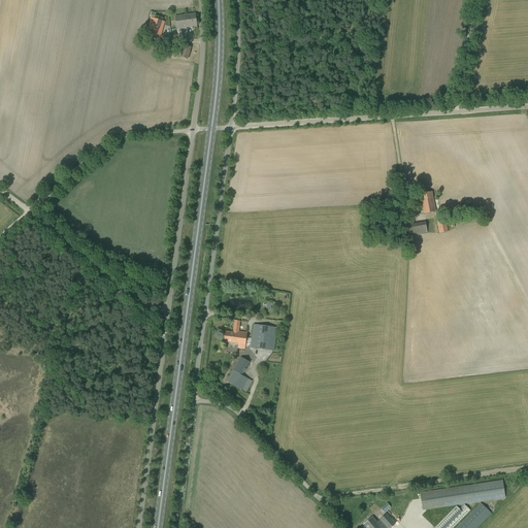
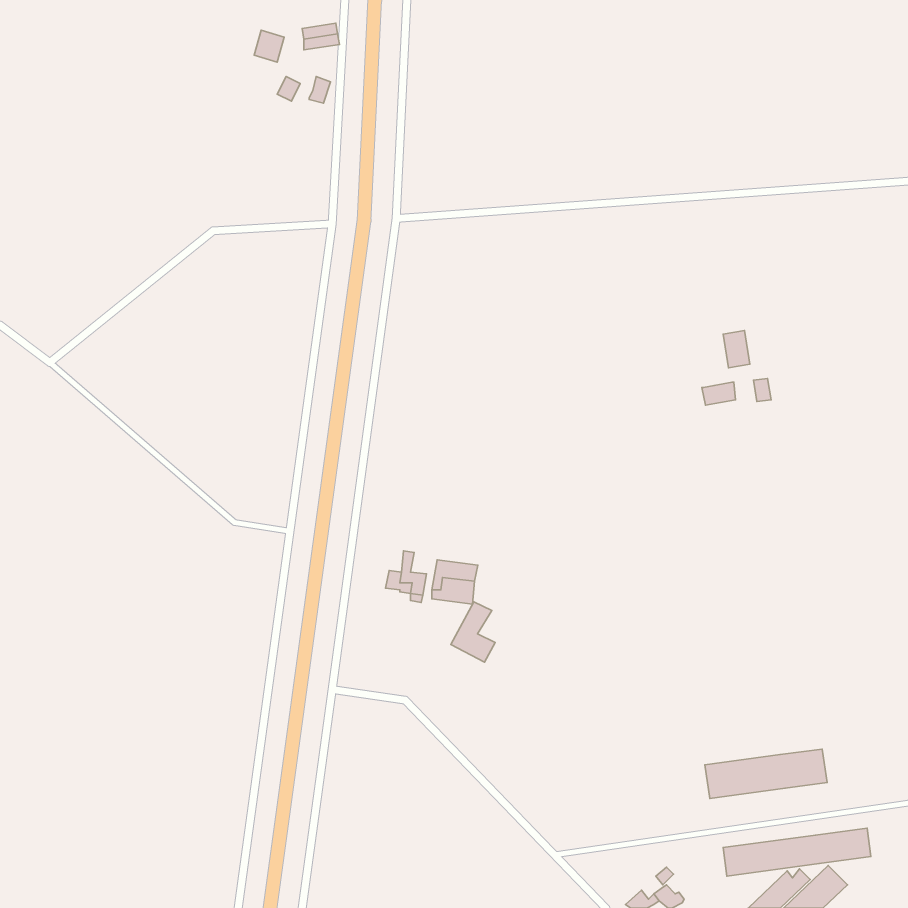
building: [227,357,253,392] -> [451,602,495,662]
building: none -> [705,749,827,798]

